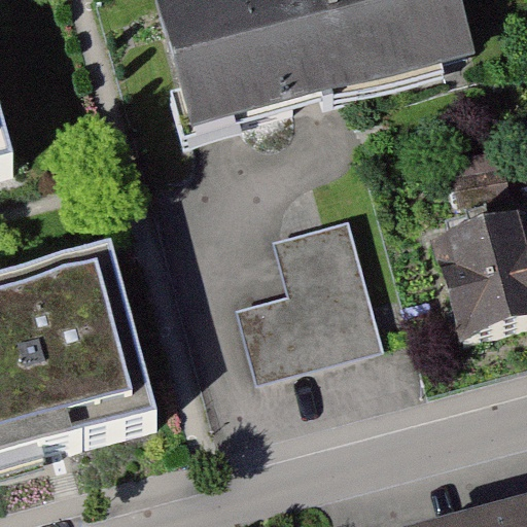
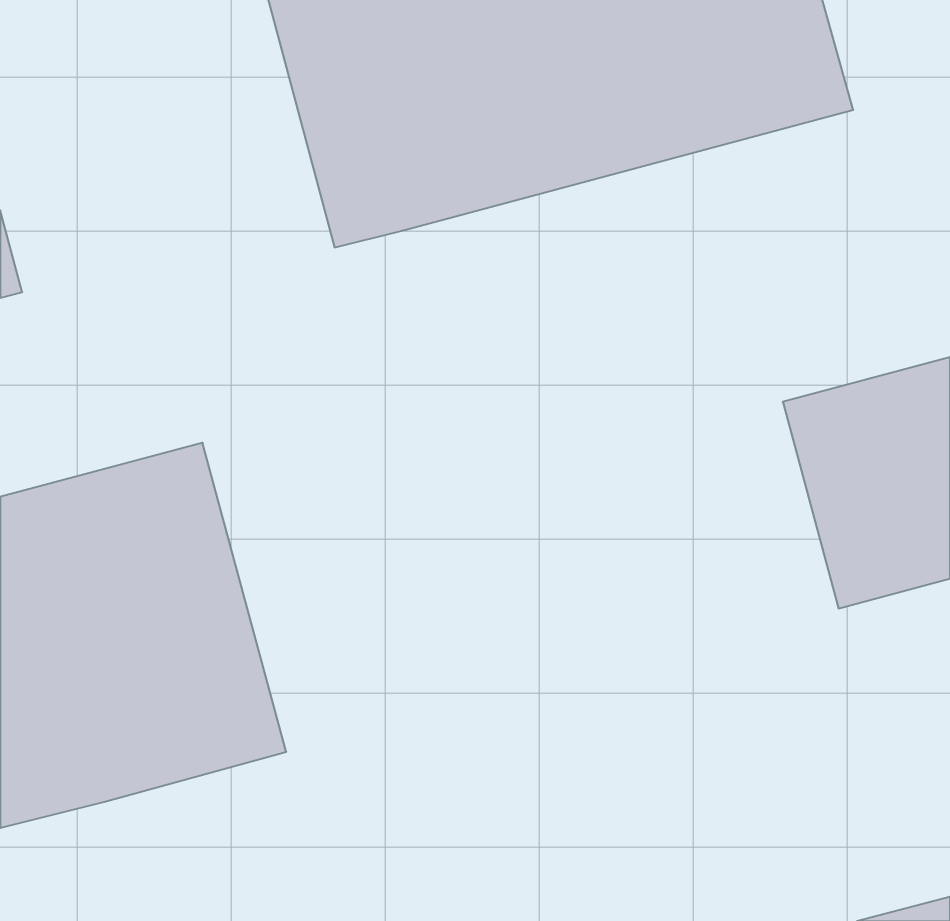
building: [229,214,381,380] -> none

